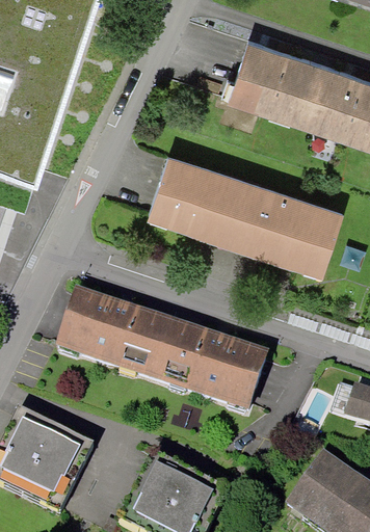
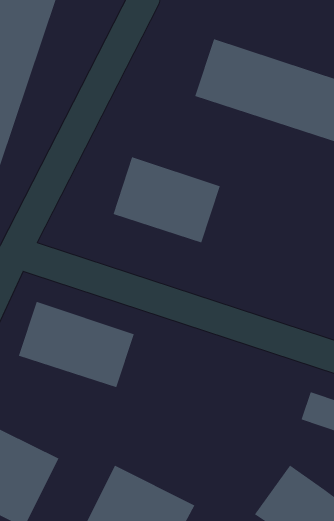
building: [237,184,343,269] -> none
building: [154,328,269,414] -> none

